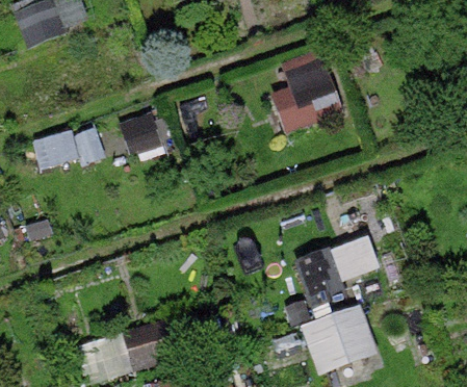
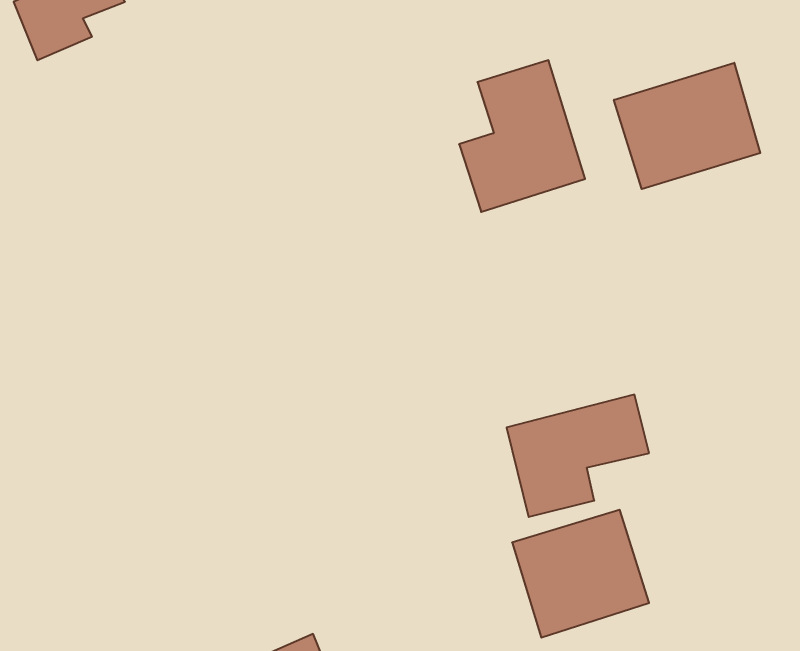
building: none -> [614,63,760,189]

